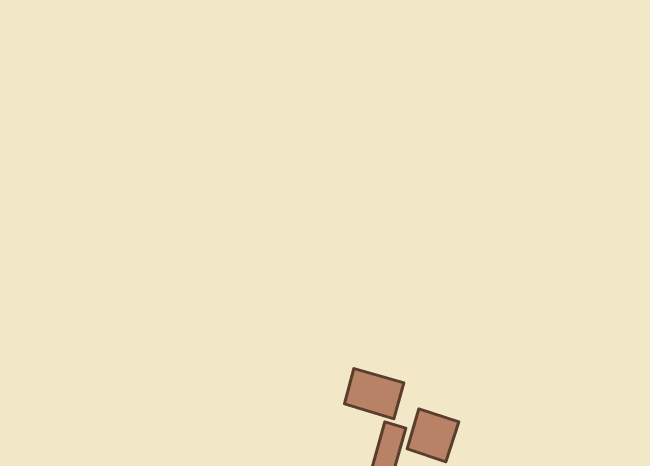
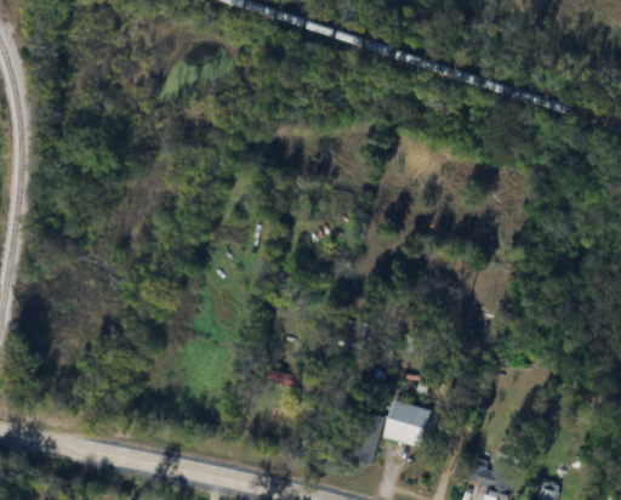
building: [344,369,404,419] -> none

